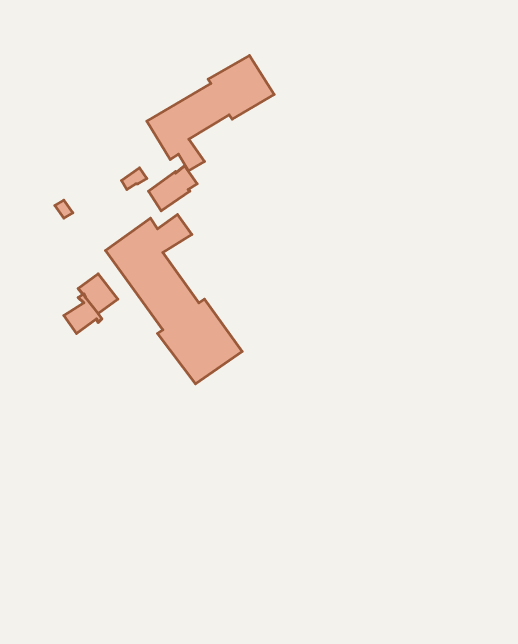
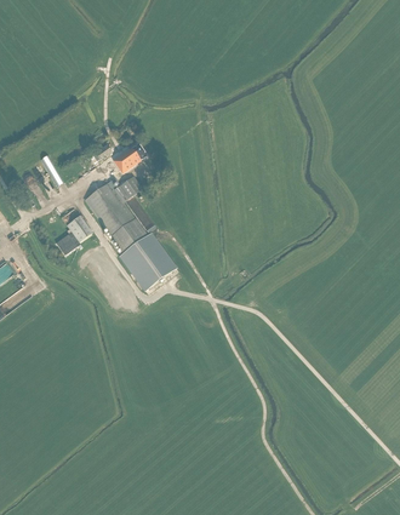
building: [147,56,274,171] -> none

